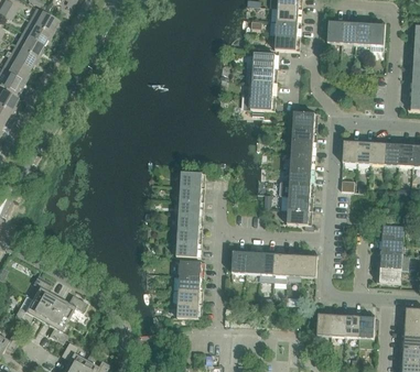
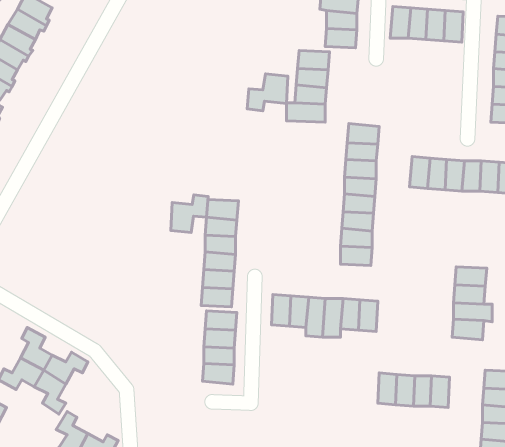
building: none -> [247,74,288,111]
building: none -> [171,195,208,232]

